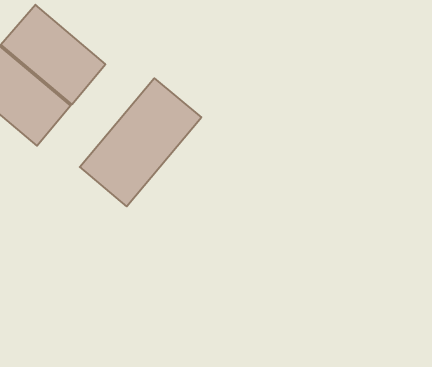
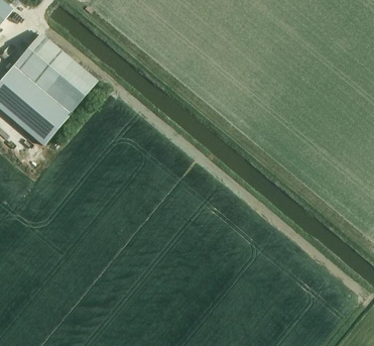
building: [80,78,201,206] -> none

